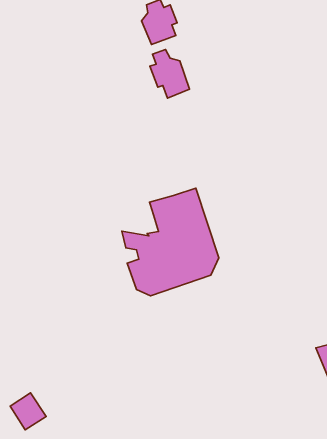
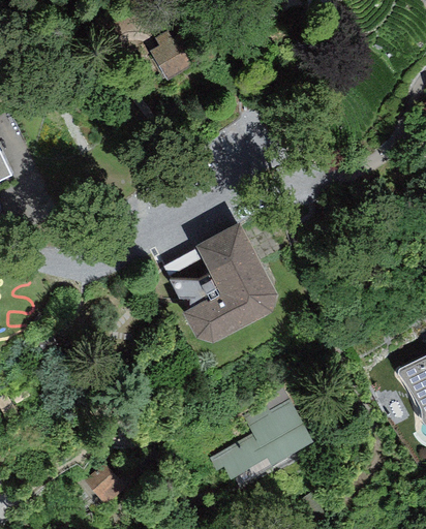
building: [150,49,190,98] -> none
building: none -> [209,400,312,484]

